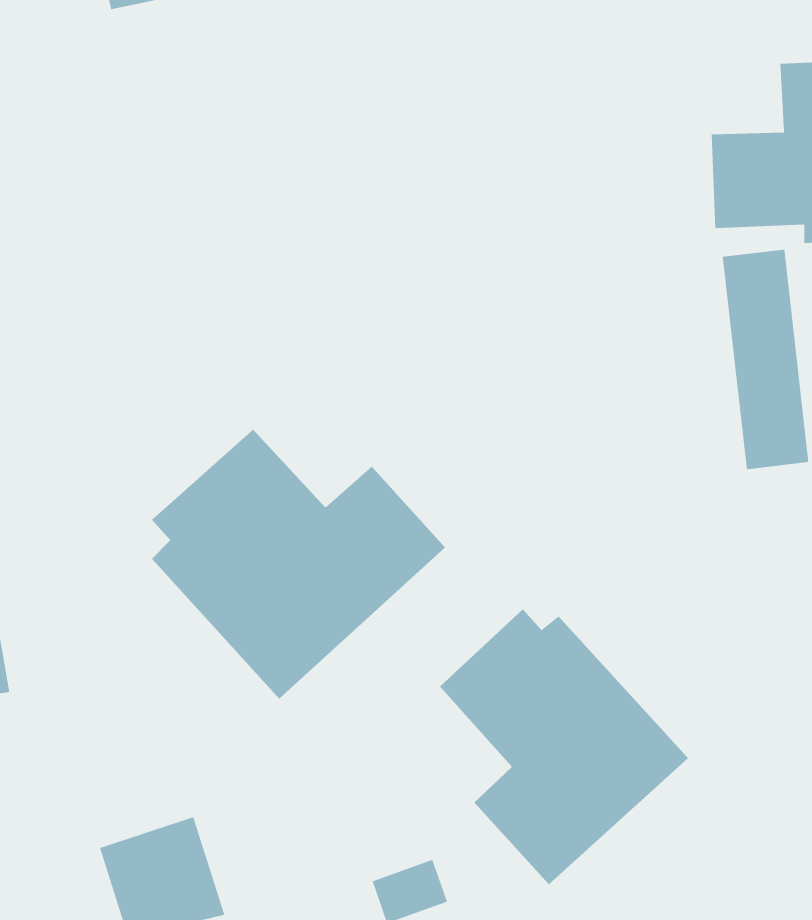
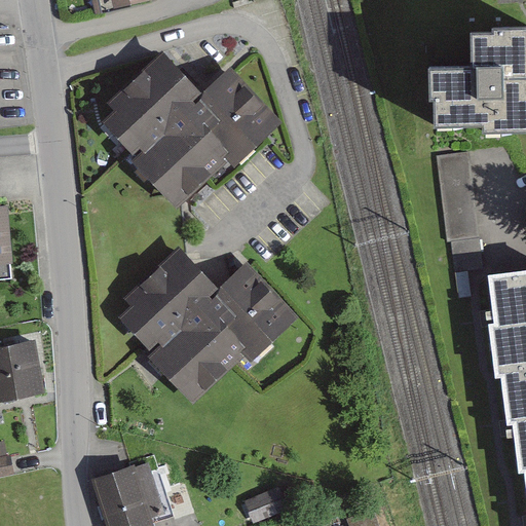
building: none -> [102,53,285,205]
building: [439,608,689,885] -> none

